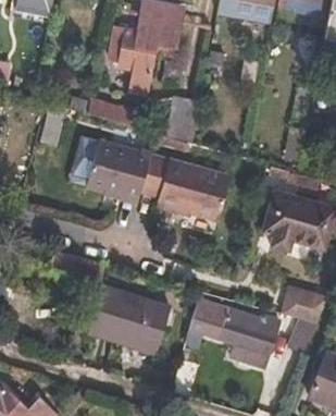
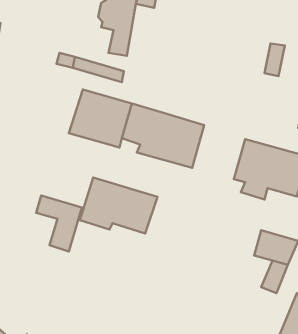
building: [165,99,199,142] -> none
building: [88,285,171,345] -> [80,177,157,234]
building: [200,310,279,366] -> none

